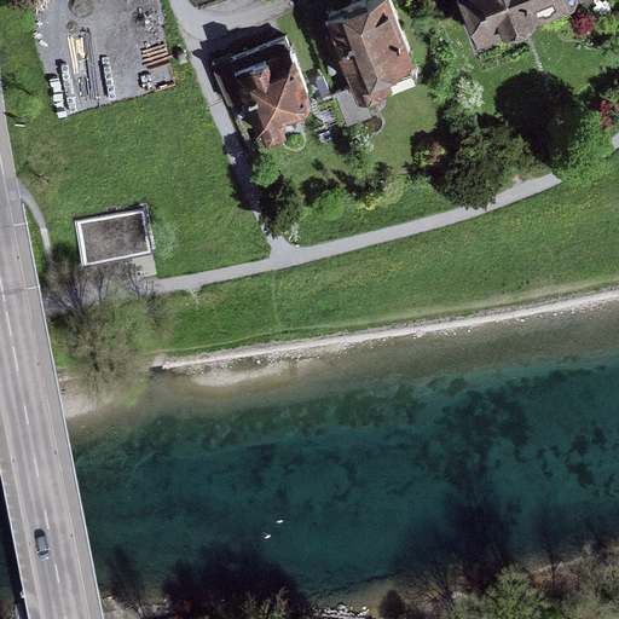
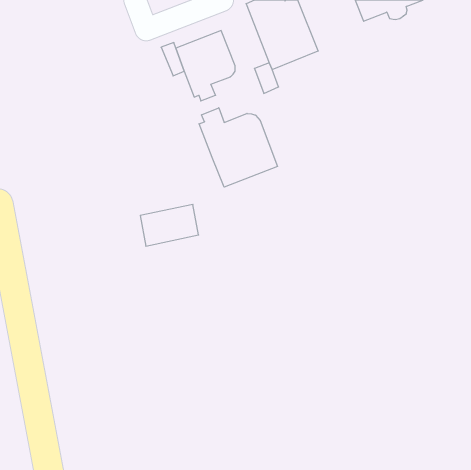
building: none -> [199,108,278,187]
building: [74,212,150,266] -> [140,204,199,246]

